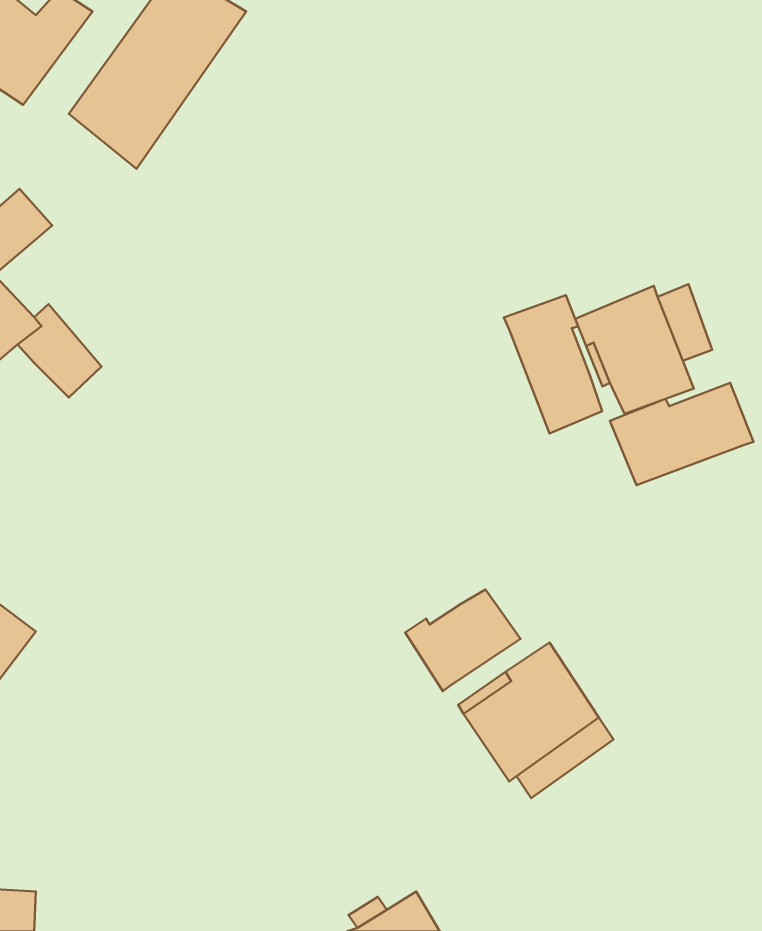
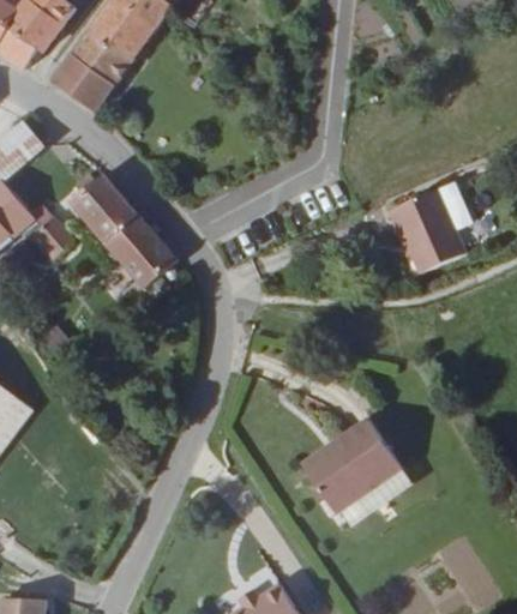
building: none -> [70,171,178,288]
building: [504,295,602,434] -> none
building: [610,383,753,485] -> none
building: [405,589,521,691] -> none

